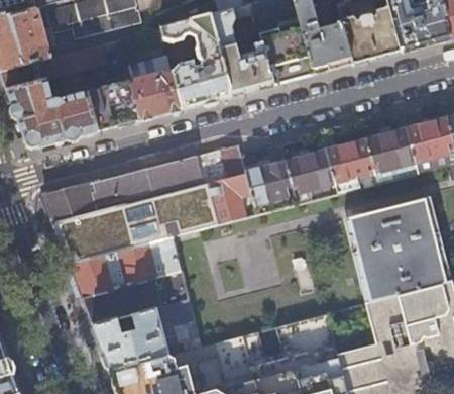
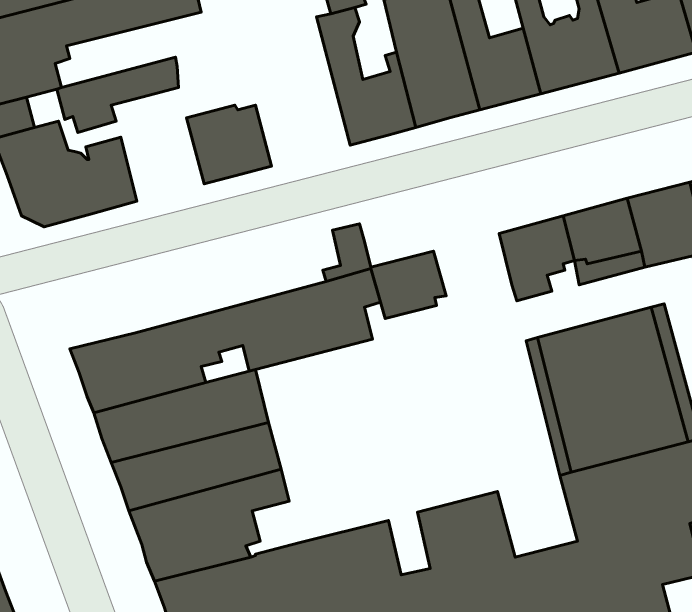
building: [160,14,231,108] -> none
building: [87,74,139,130] -> none
building: [283,151,333,204] -> none
building: [44,156,201,223] -> none

